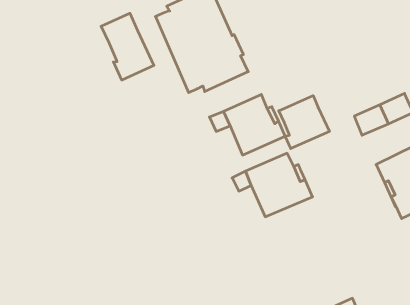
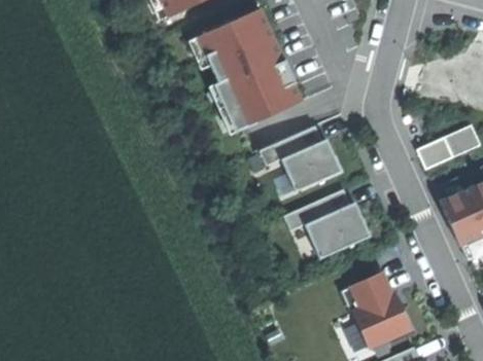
building: [101,13,154,80] -> none
building: [279,96,329,149] -> none
building: none -> [340,273,416,348]

